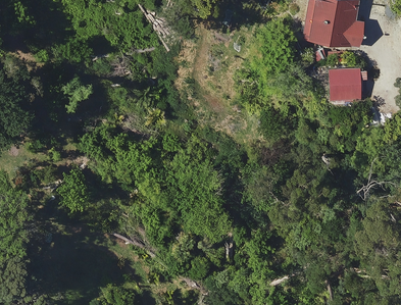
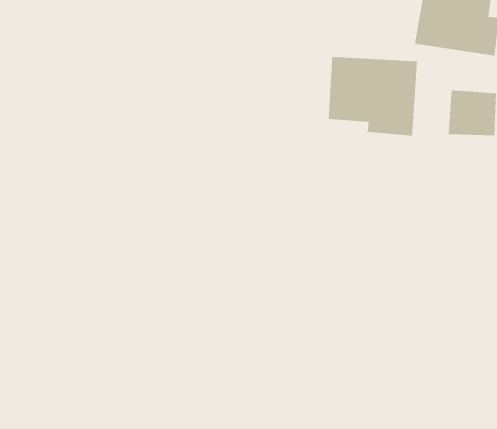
building: none -> [328,56,417,137]

